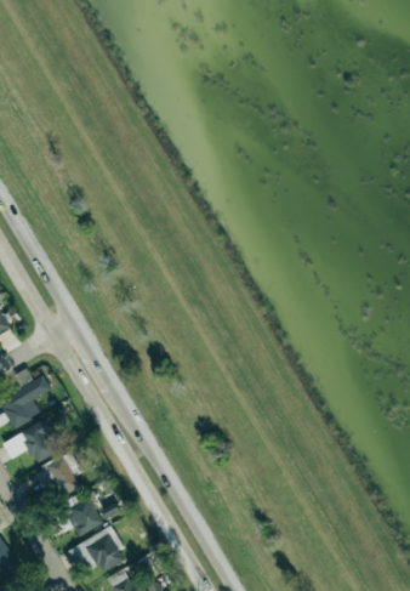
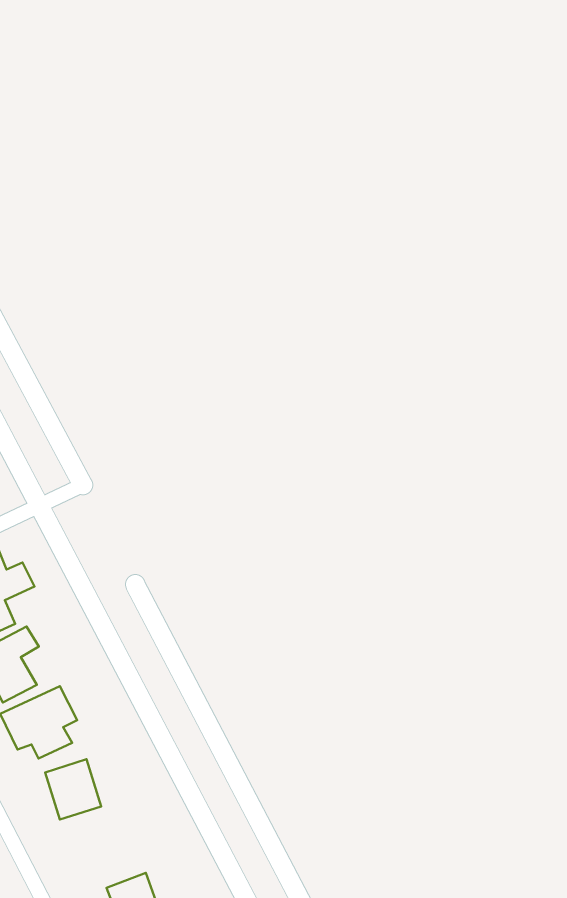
building: [67,528,125,574] -> none

